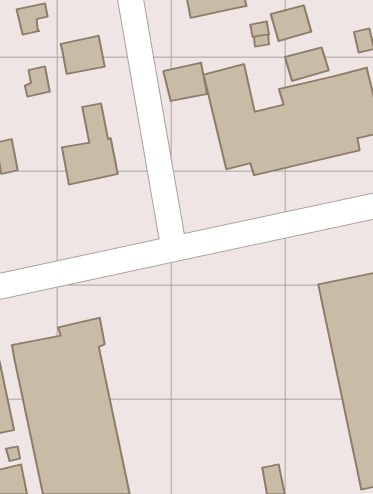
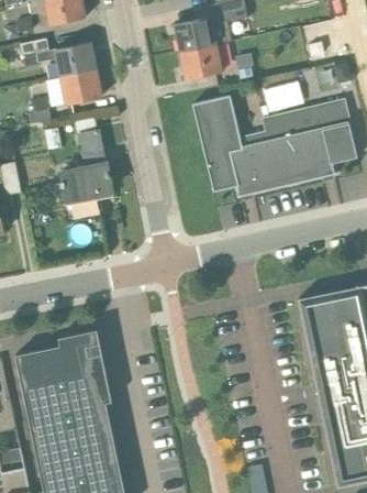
building: [271,5,311,41] -> none
building: none -> [55,42,96,76]
building: [163,63,207,101] -> [180,44,221,79]

